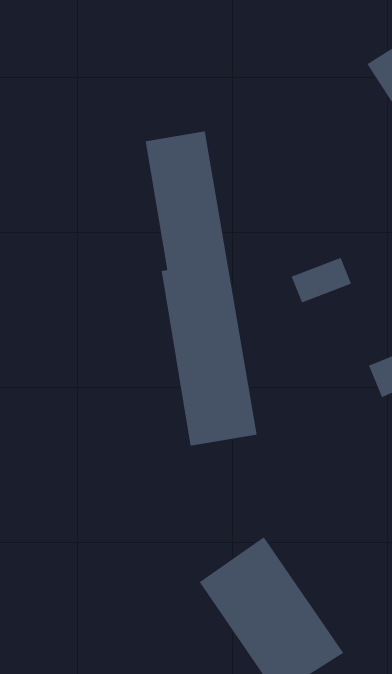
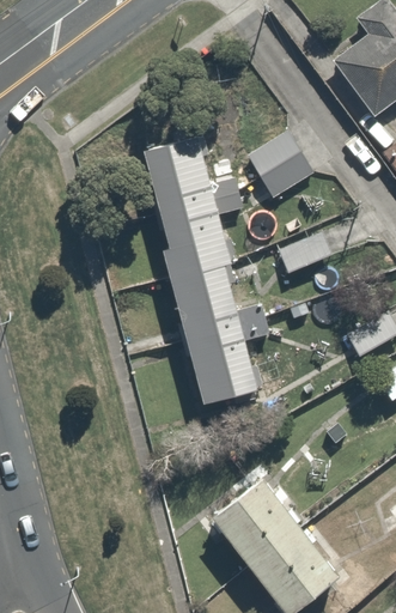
building: none -> [252,132,312,193]

